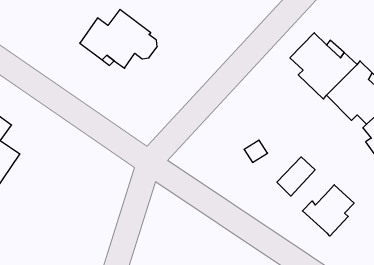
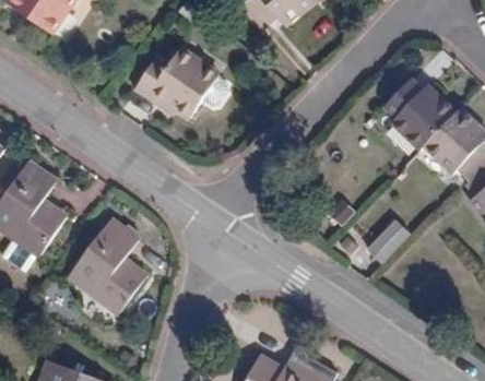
building: none -> [68,218,145,312]
building: [302,185,354,236] -> none

